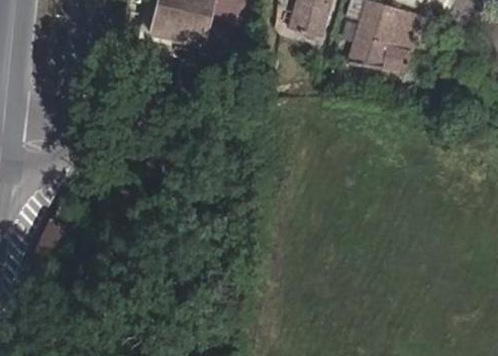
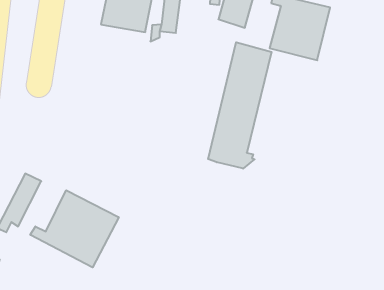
building: none -> [208,42,272,169]
building: none -> [30,190,119,267]

